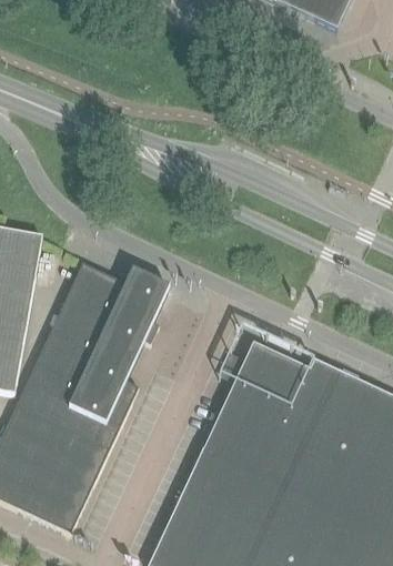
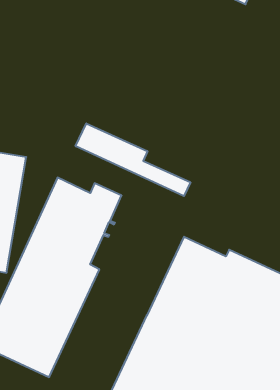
building: none -> [76,123,190,196]

